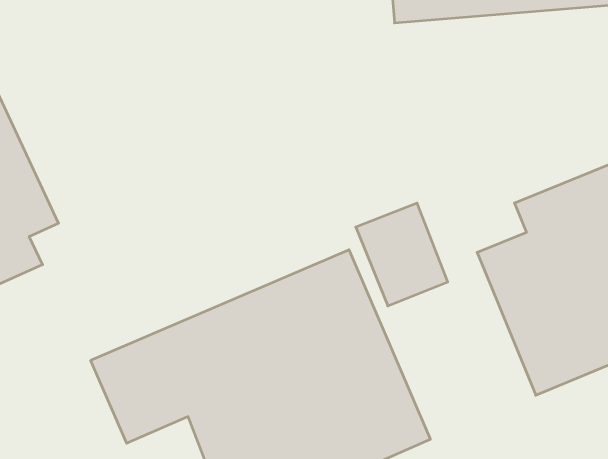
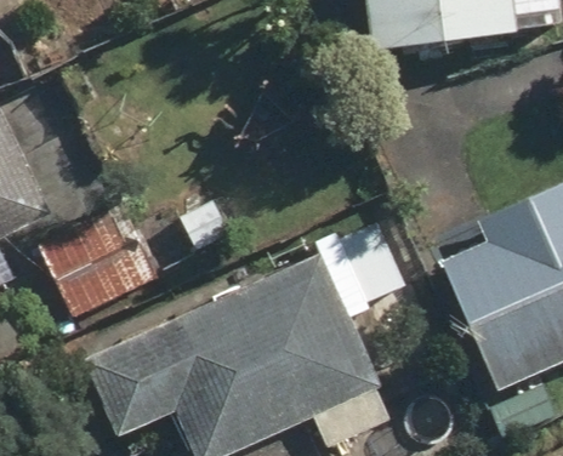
building: none -> [34,215,165,319]

